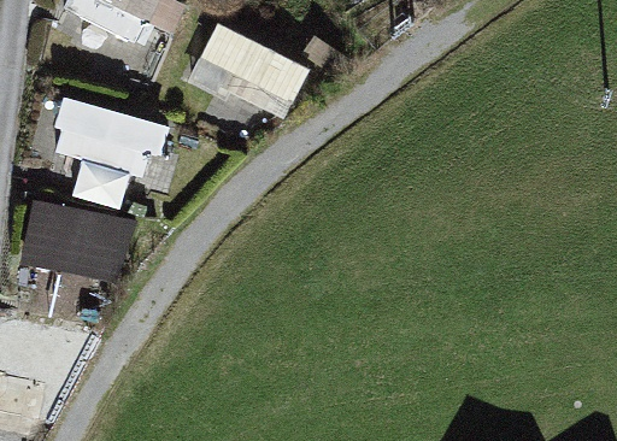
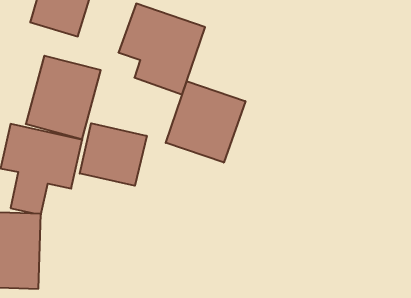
building: none -> [166,81,245,163]
building: none -> [80,123,147,186]

